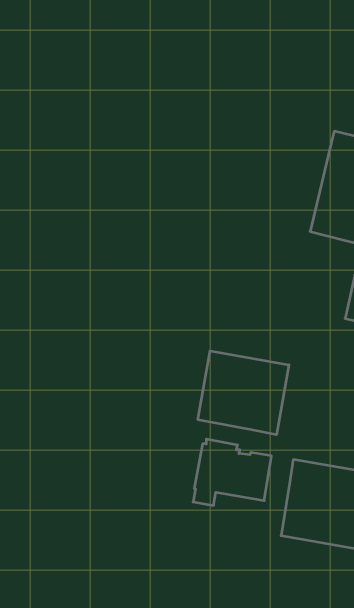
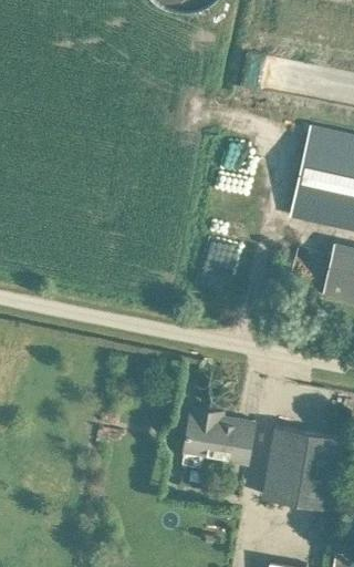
building: [198,351,289,435] -> none

